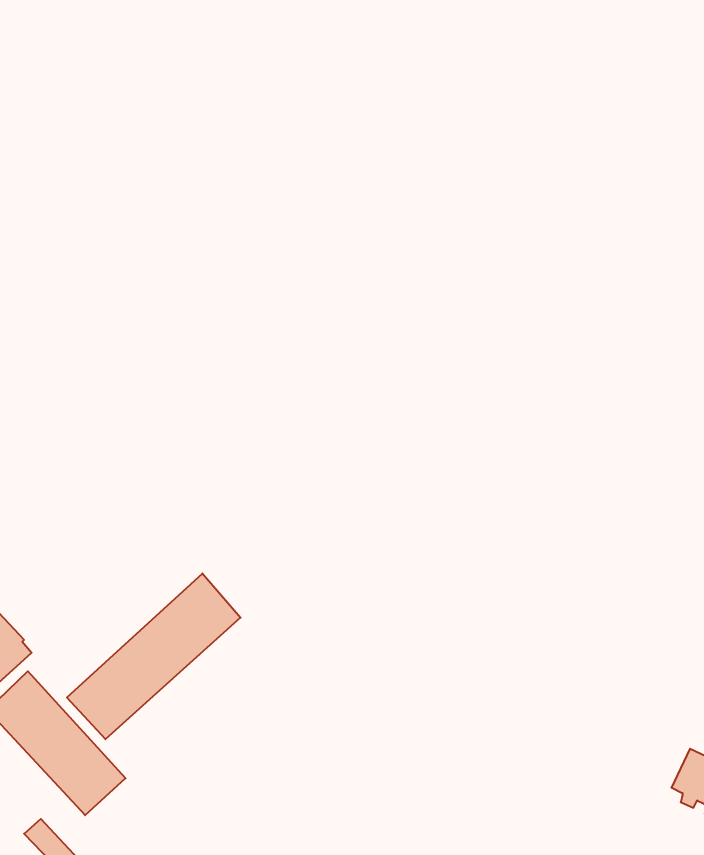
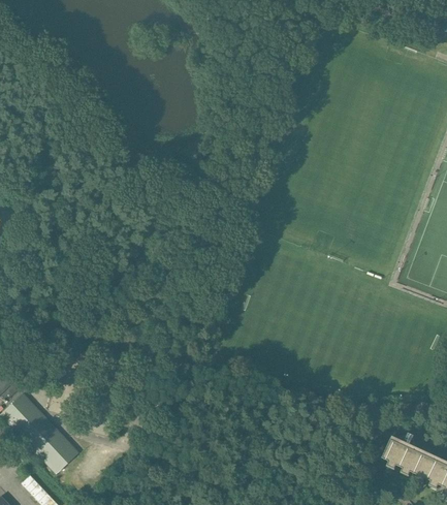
building: [67,573,241,739] -> none

